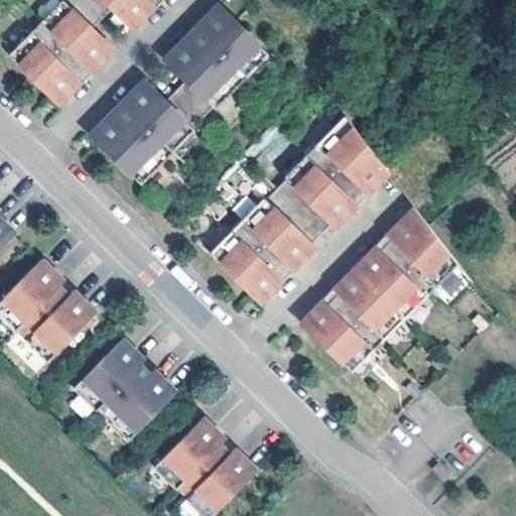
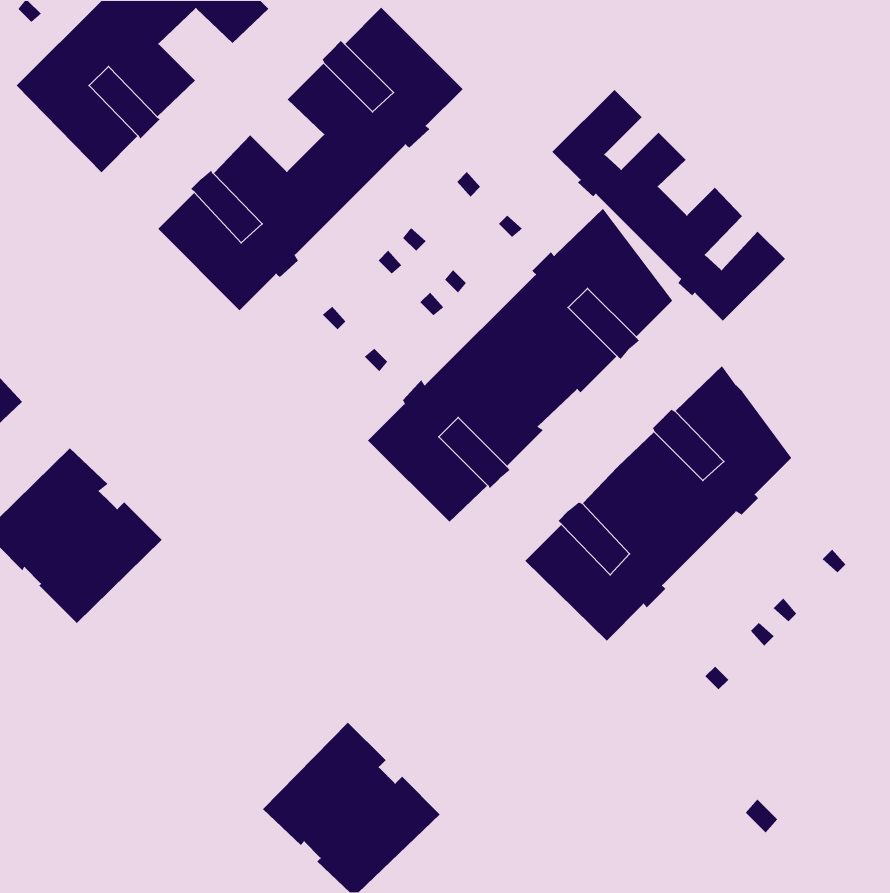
building: none -> [552,89,786,322]
building: [71,337,174,439] -> none

